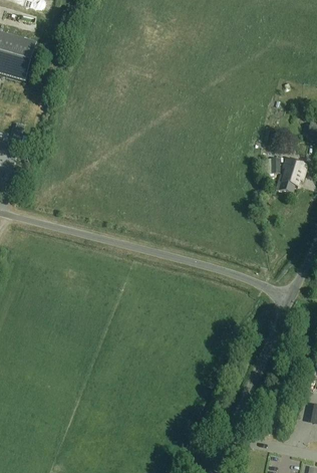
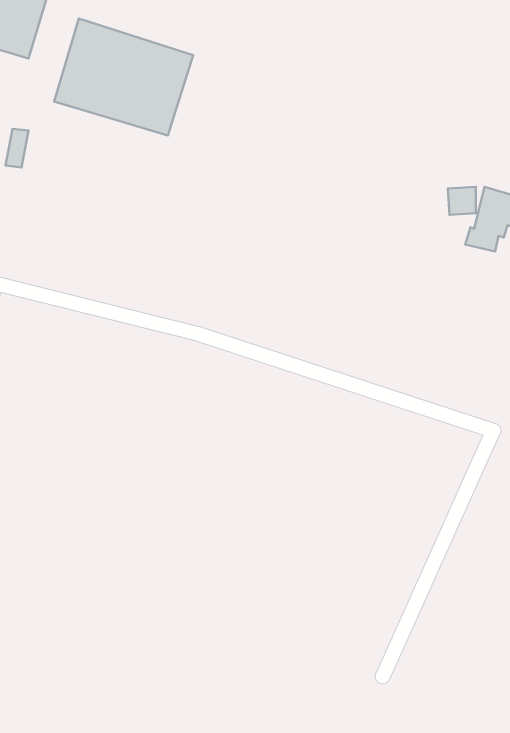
building: none -> [54,19,193,136]

